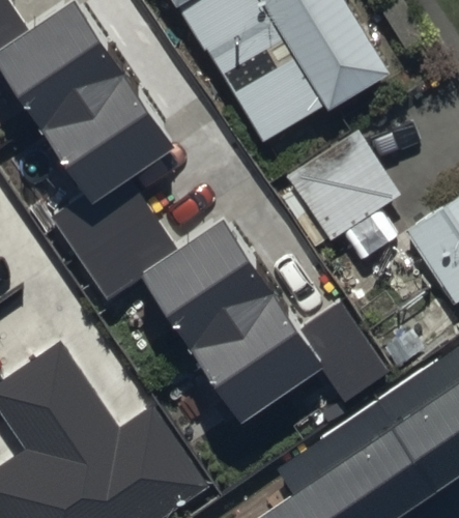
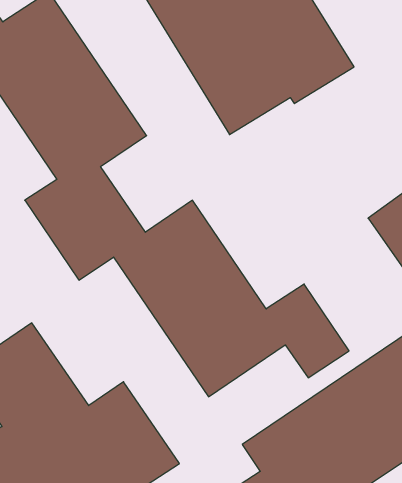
building: [287,131,403,244] -> none

